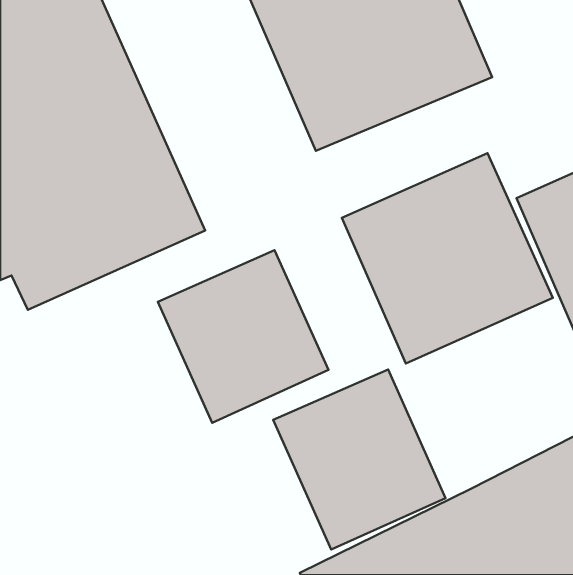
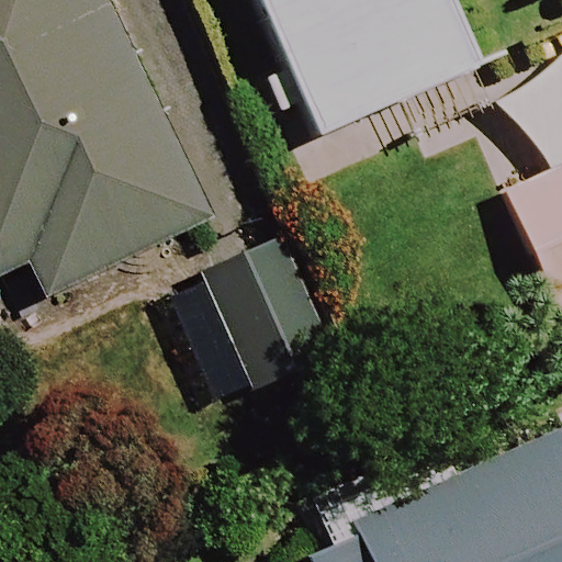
building: [342,153,553,363] -> none
building: [273,369,445,549] -> none

